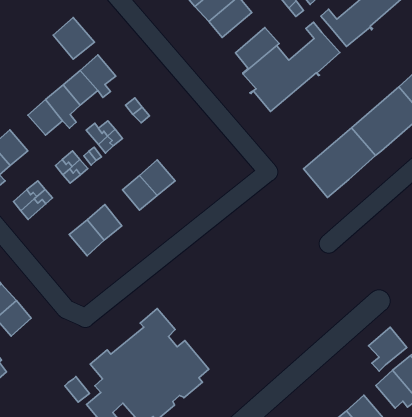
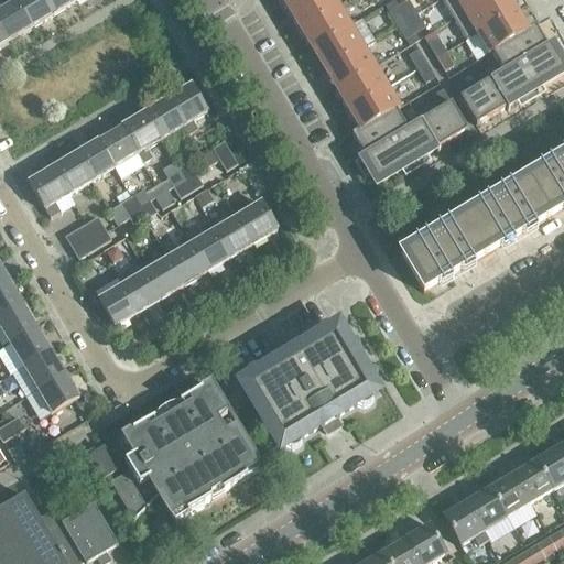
building: none -> [335,63,386,106]
building: [53,18,95,59] -> none
building: none -> [75,137,115,177]
building: none -> [237,199,275,240]
building: none -> [169,232,207,281]
building: none -> [98,281,139,322]
building: none -> [240,322,377,446]
building: none -> [36,369,77,410]
building: [368,327,407,371] -> none

